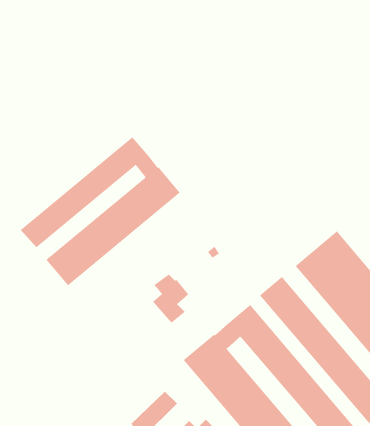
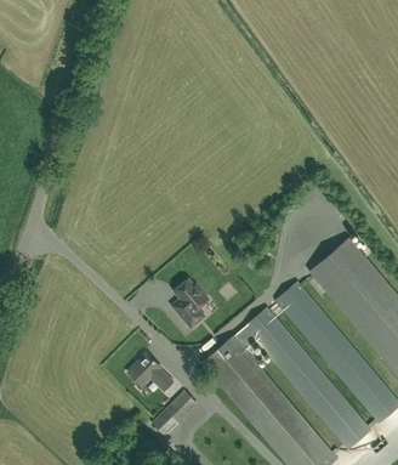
building: [20,136,181,286] -> none
building: none -> [127,353,172,391]

